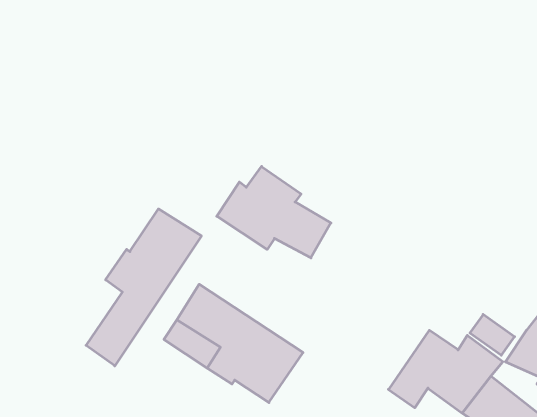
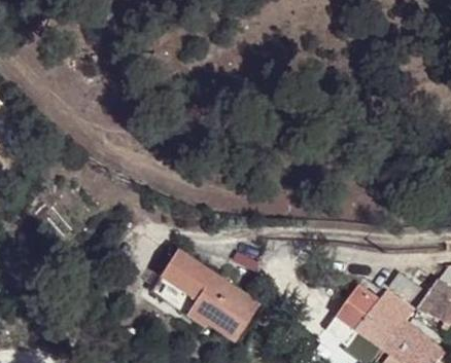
building: [217,166,331,258] -> none
building: [86,209,201,366] -> none

